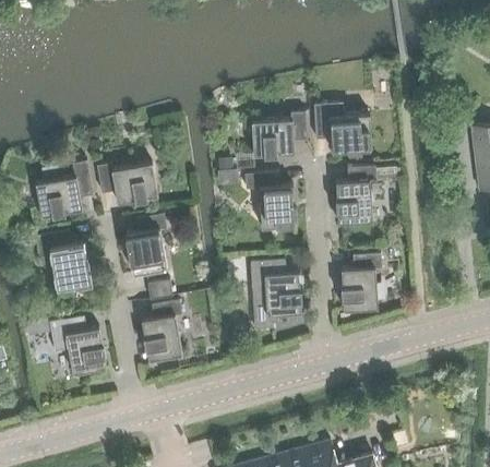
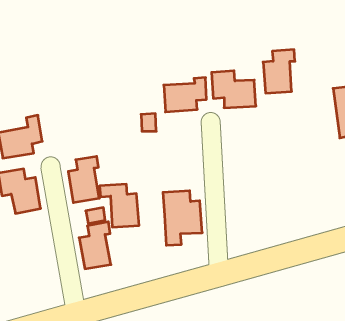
building: [97,163,157,203] -> none
building: [335,166,377,223] -> [263,50,295,93]
building: [244,172,296,228] -> [100,184,139,227]
building: [340,253,382,310] -> none
building: [49,316,106,373] -> none

